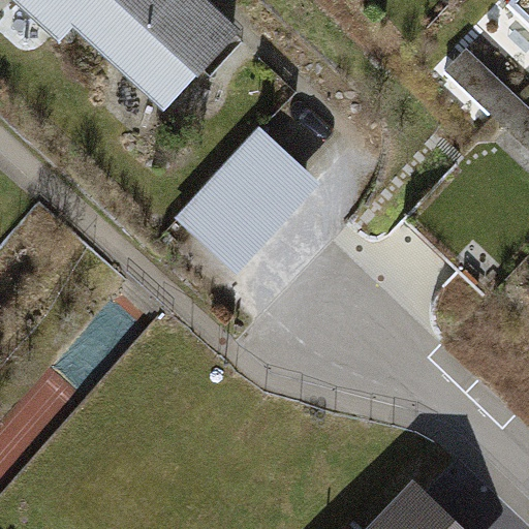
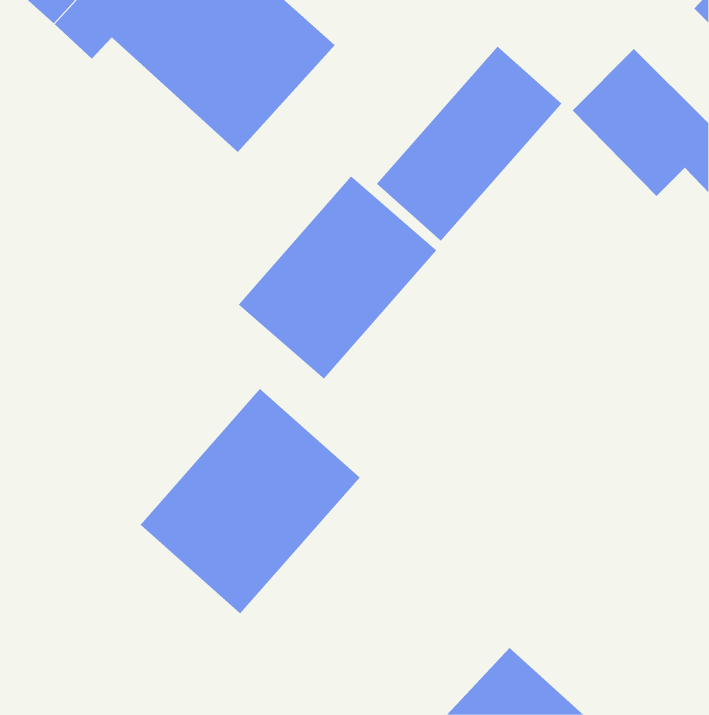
building: none -> [376,46,562,241]
building: none -> [140,388,360,614]

